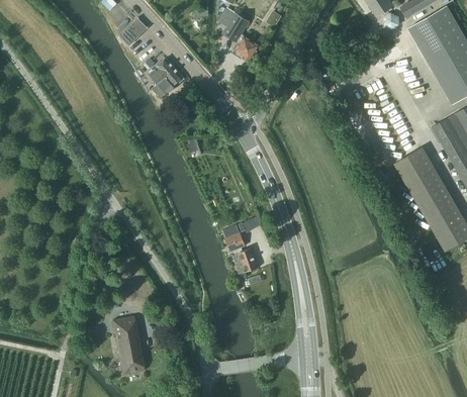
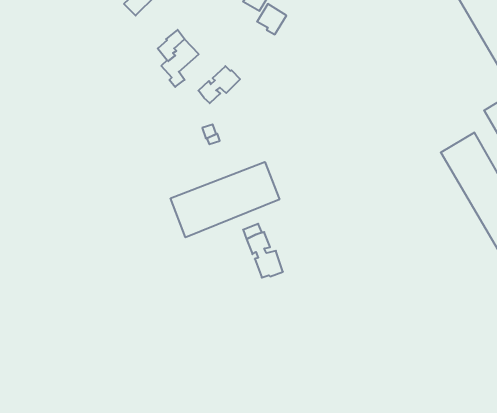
building: none -> [198,66,240,103]
building: none -> [171,162,279,237]
building: [112,315,142,373] -> none

